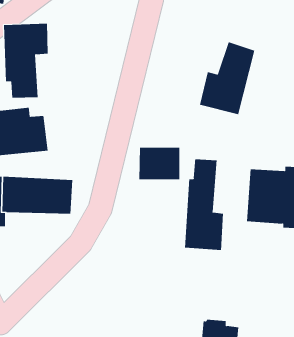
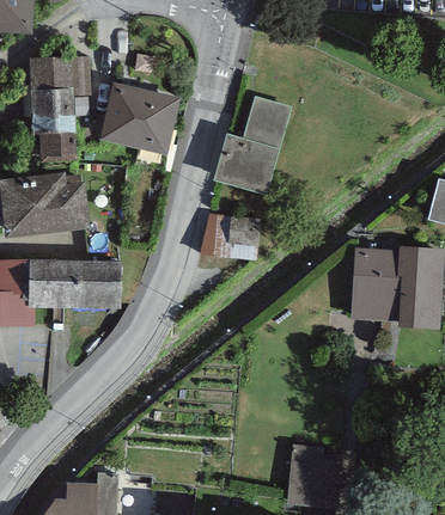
building: [199,41,255,115] -> [217,97,291,194]
building: none -> [99,85,179,154]
building: [185,159,224,251] -> none

